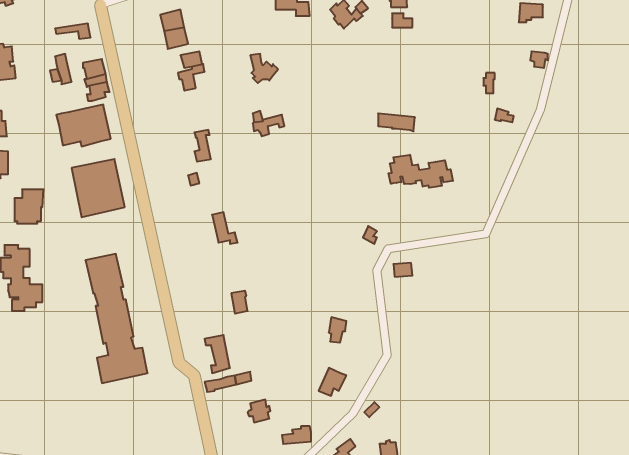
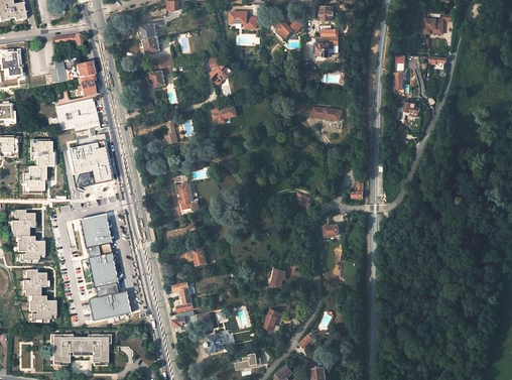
building: none -> [315,36,339,55]
building: [388,155,453,188] -> none
building: none -> [30,139,52,165]
building: none -> [23,269,55,322]
building: none -> [52,334,108,362]

